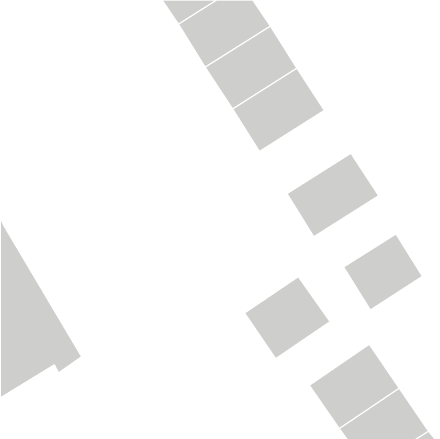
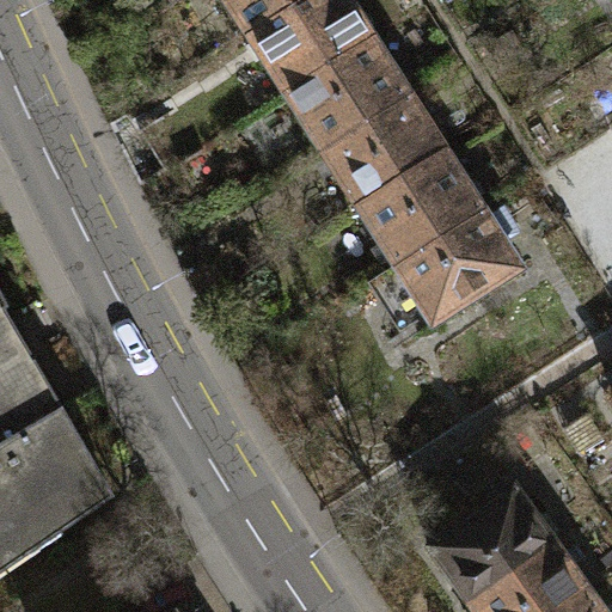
building: none -> [360,154,488,270]
building: [343,234,423,310] -> none
building: [244,276,330,359] -> none

